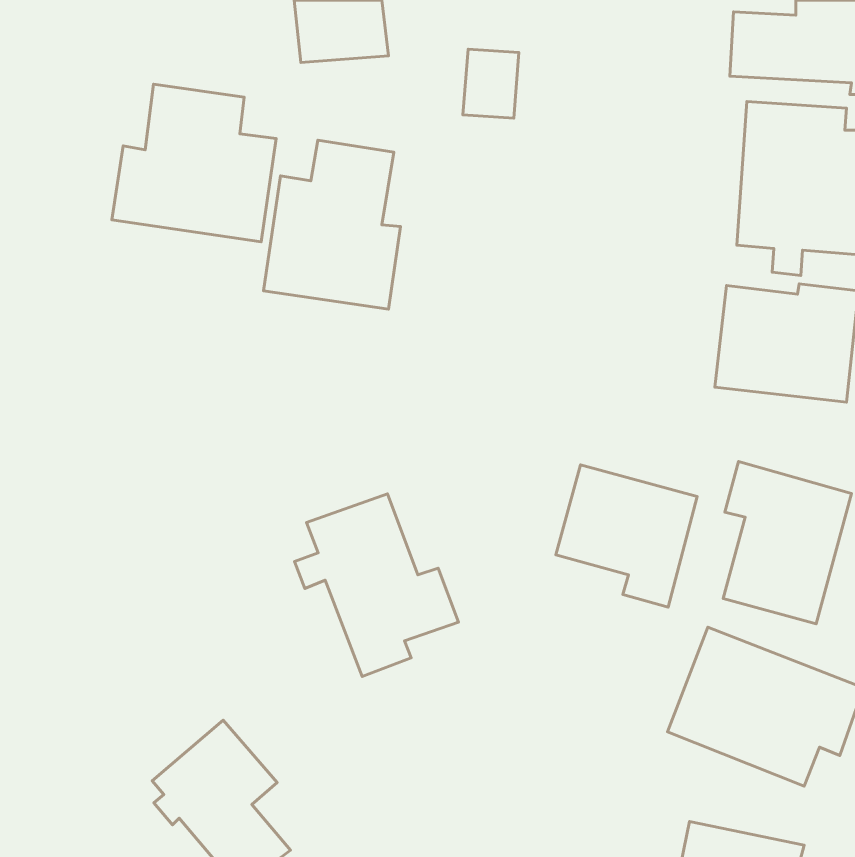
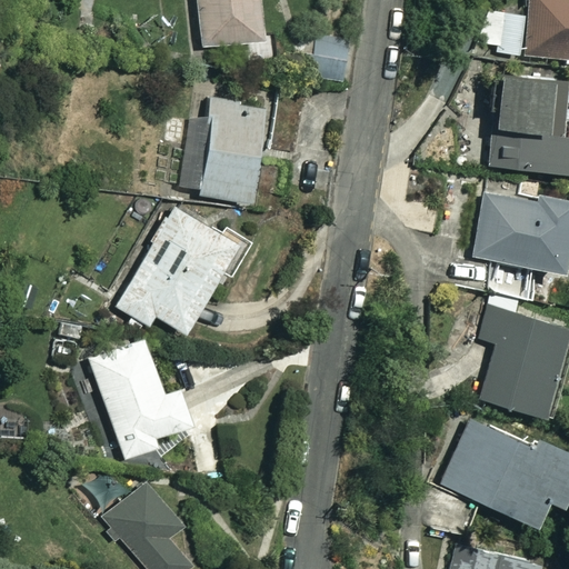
building: [112,84,276,242] -> none
building: none -> [118,207,254,337]
building: [556,465,697,607] -> none
building: [295,494,459,676] -> [83,340,191,460]

